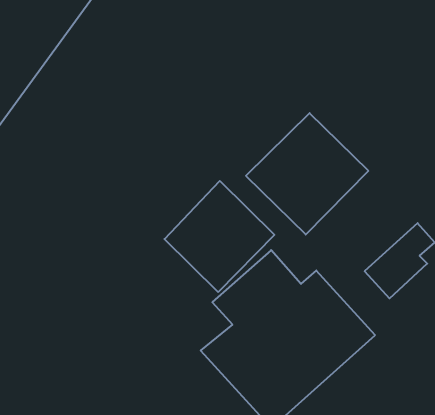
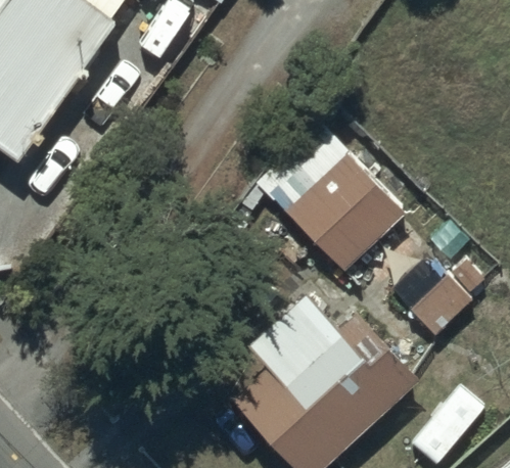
building: [164,181,274,292] -> none

